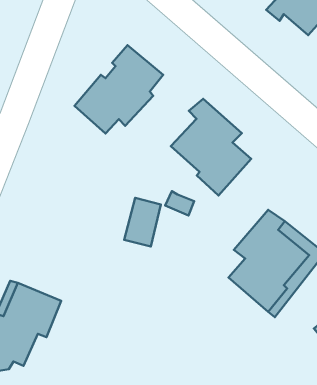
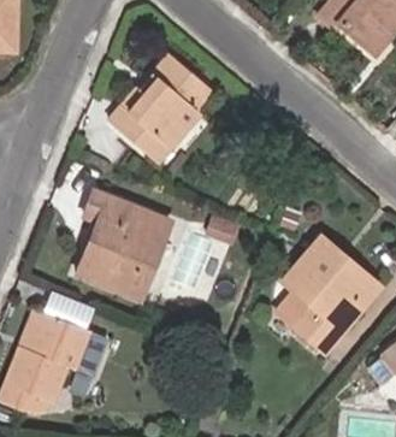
building: [171,99,251,196] -> none
building: none -> [78,193,167,296]

